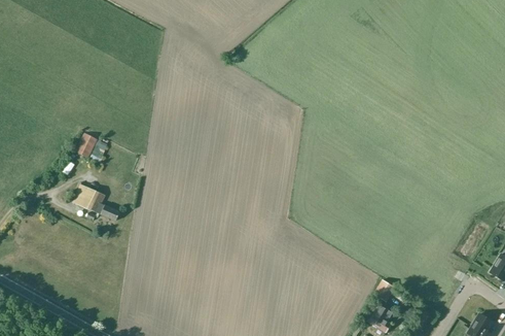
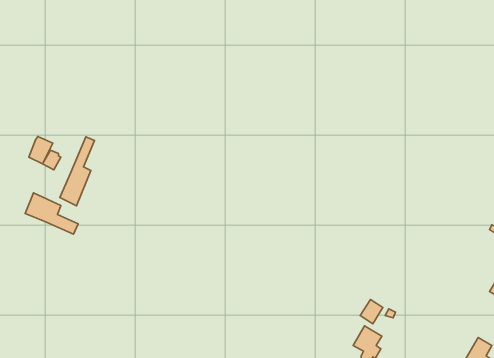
building: none -> [60,137,95,206]

